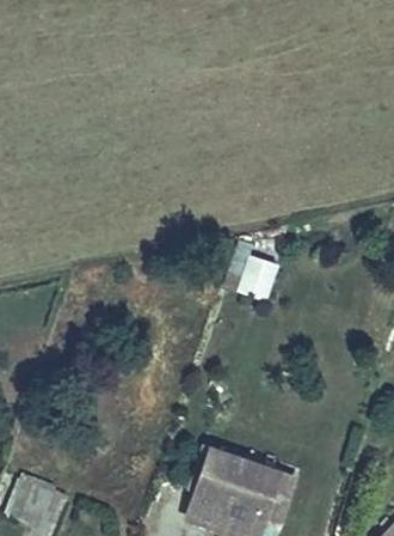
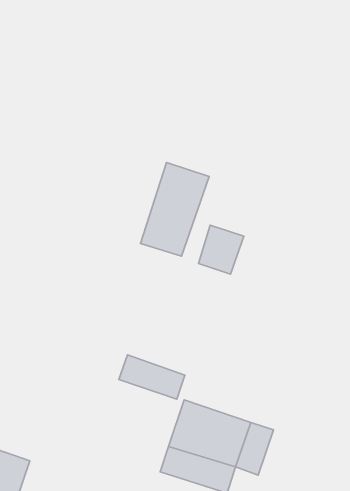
building: none -> [140,162,209,256]
building: none -> [119,355,185,399]

